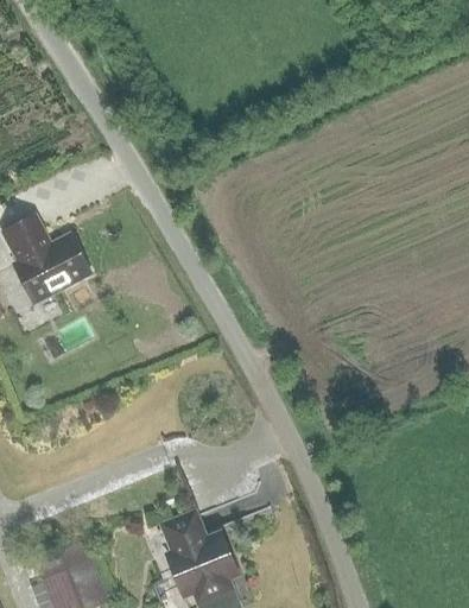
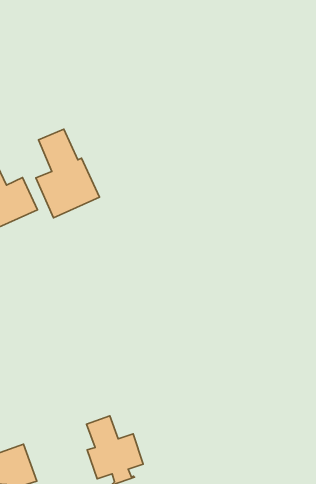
building: none -> [36,129,100,218]

